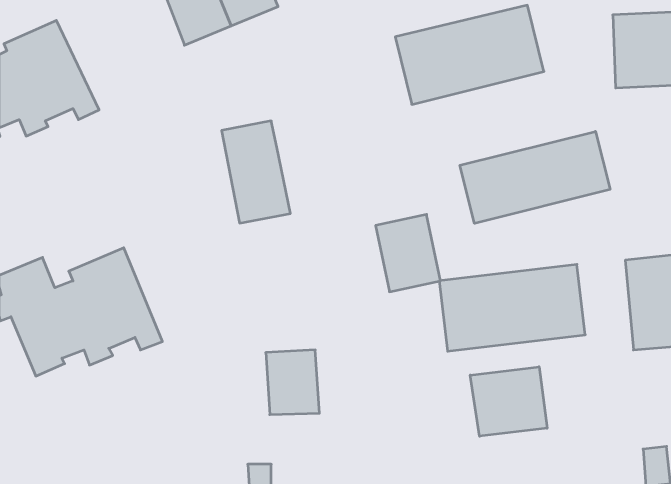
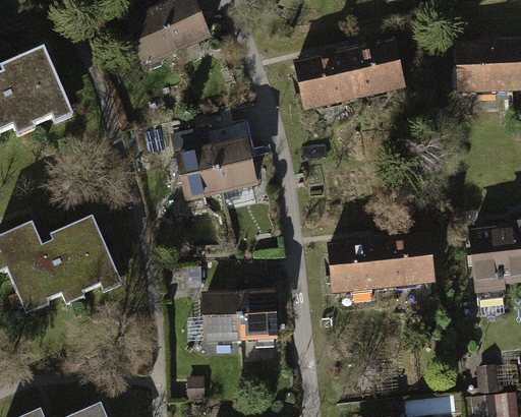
building: [460,131,610,223] -> none
building: [376,214,440,292] -> [208,135,255,192]
building: none -> [236,291,276,340]
building: [470,367,547,436] -> none

